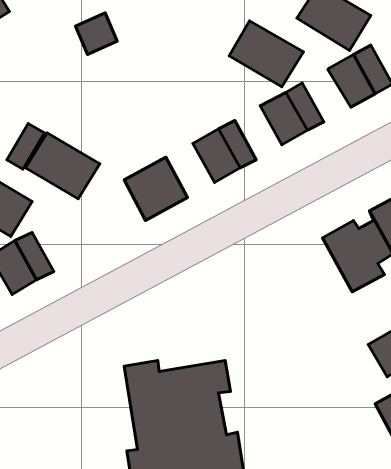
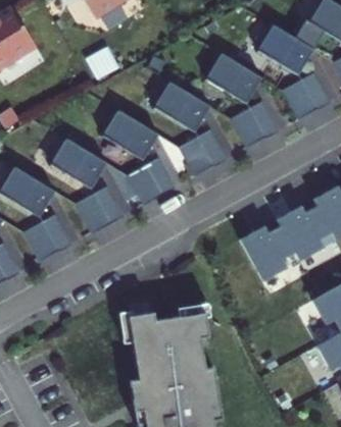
building: none -> [155,82,210,131]
building: none -> [104,110,159,160]
building: none -> [76,184,124,231]
building: none -> [239,217,299,278]

